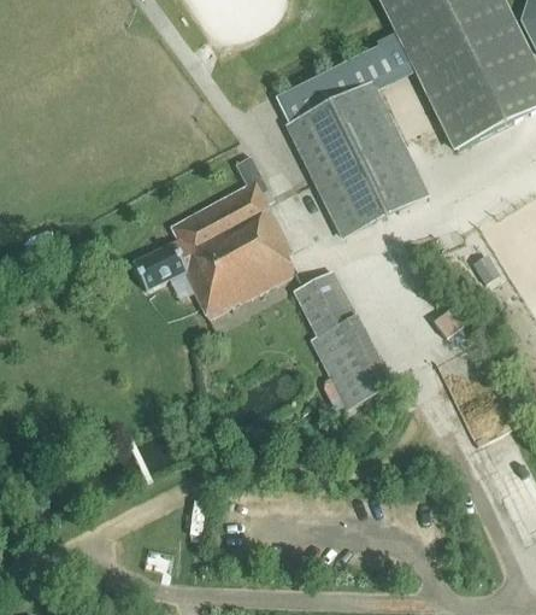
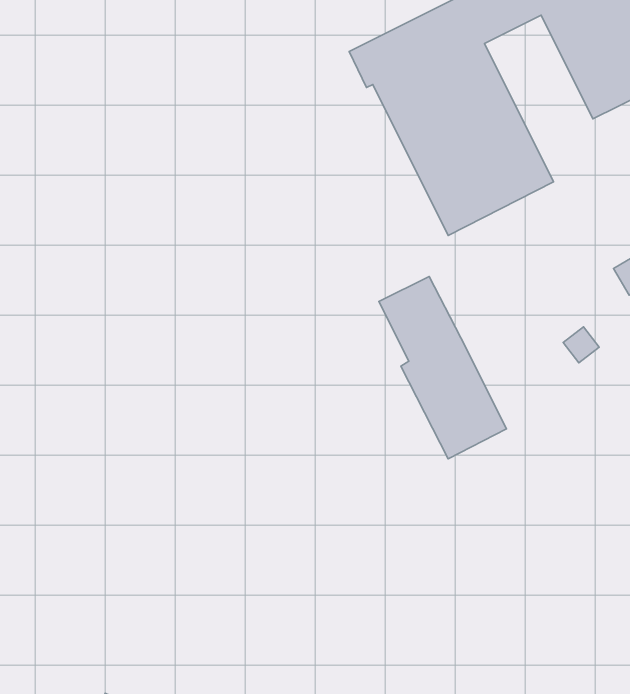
building: [131,154,295,317] -> none

